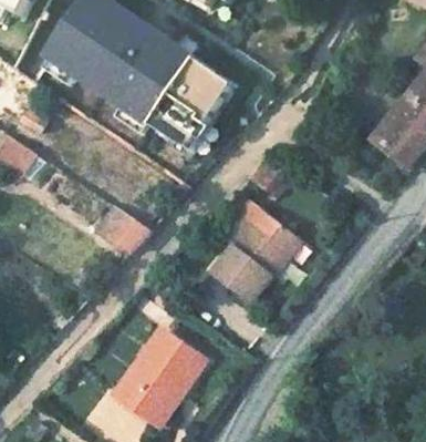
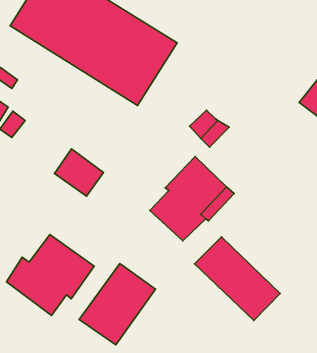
building: none -> [7,234,94,315]
building: none -> [194,237,280,321]

